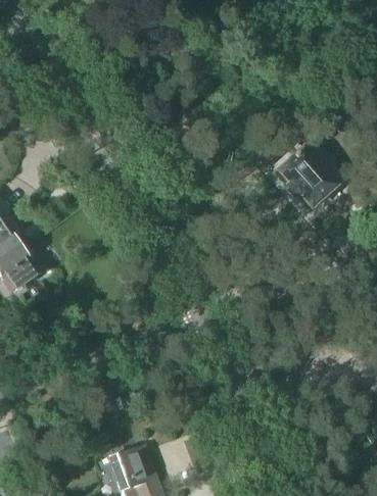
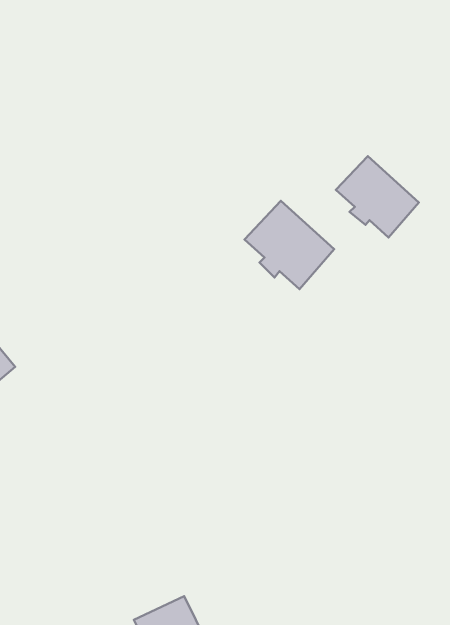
building: none -> [245,201,334,289]

